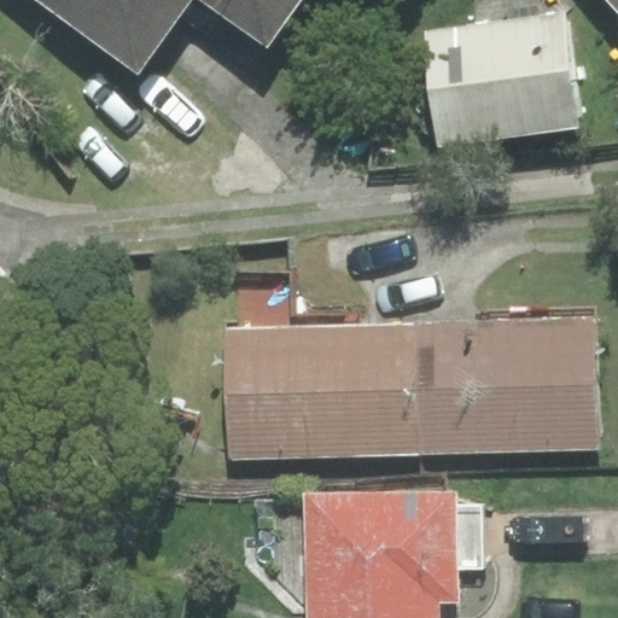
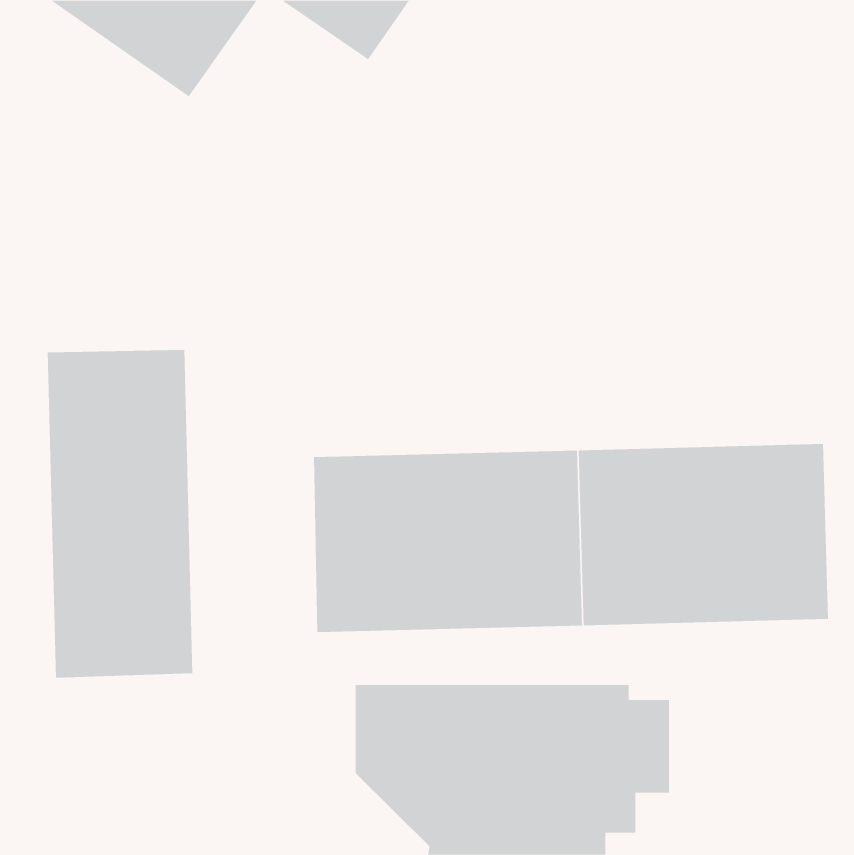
building: [426,16,575,142] -> none
building: none -> [47,349,193,679]

